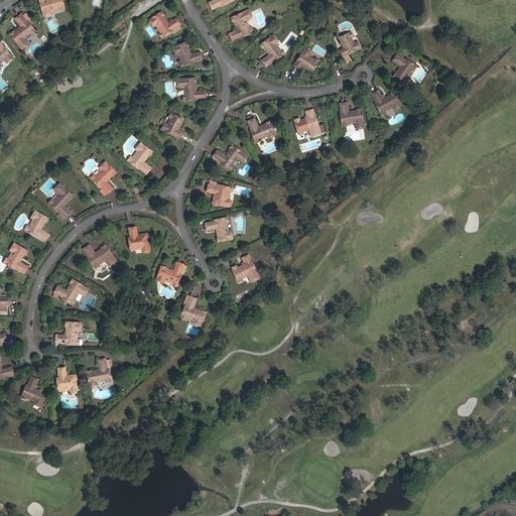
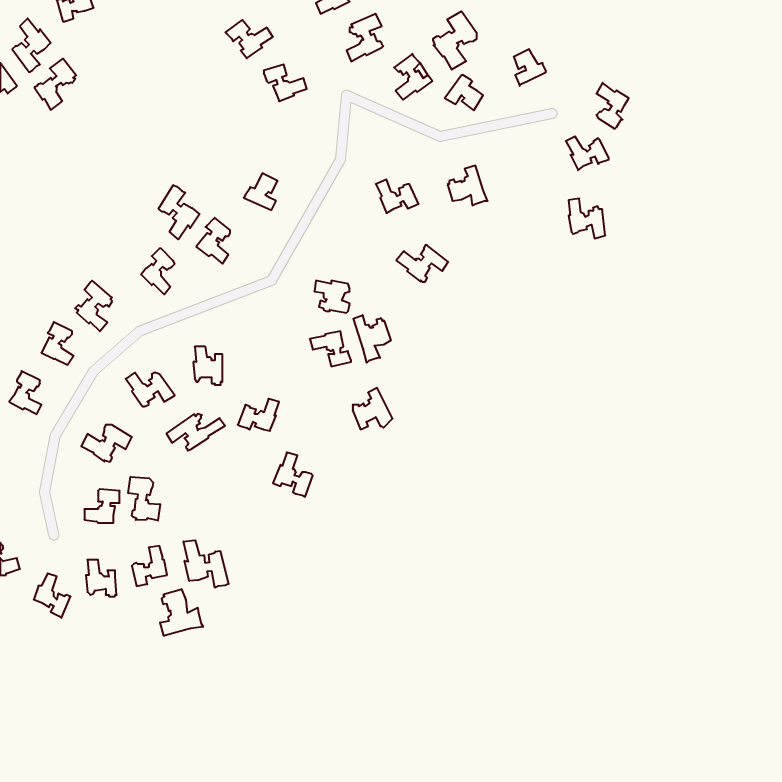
building: none -> [433,11,476,70]
building: none -> [35,59,76,110]
building: [178,78,207,101] -> none
building: [341,102,365,128] -> [569,199,605,238]
building: none -> [159,185,200,239]
building: [213,144,247,168] -> [396,245,448,282]
building: none -> [353,315,391,363]
building: none -> [167,414,225,451]
building: none -> [128,477,160,521]
building: none -> [184,540,229,588]
building: none -> [160,589,203,636]

